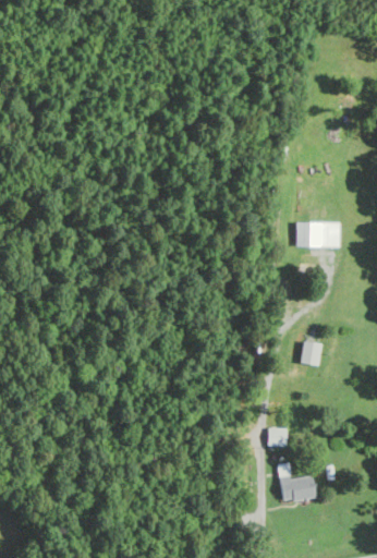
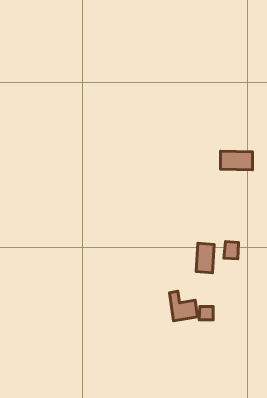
building: none -> [196,243,214,273]
building: [278,463,315,502] -> [170,291,197,321]

